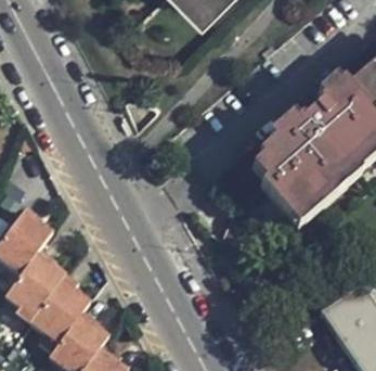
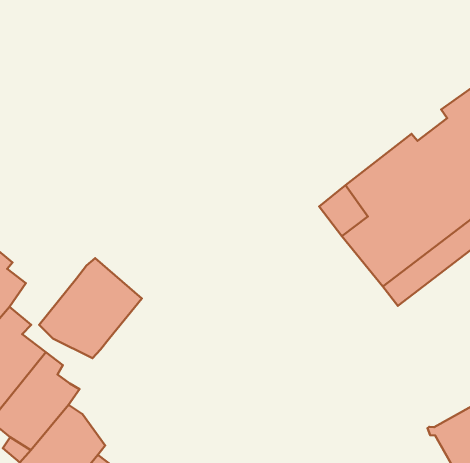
building: none -> [39,258,142,358]

